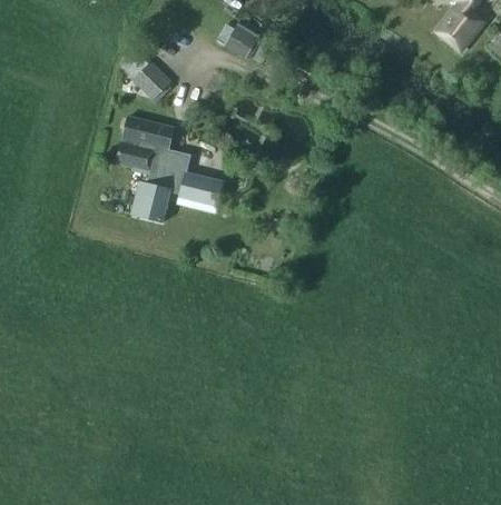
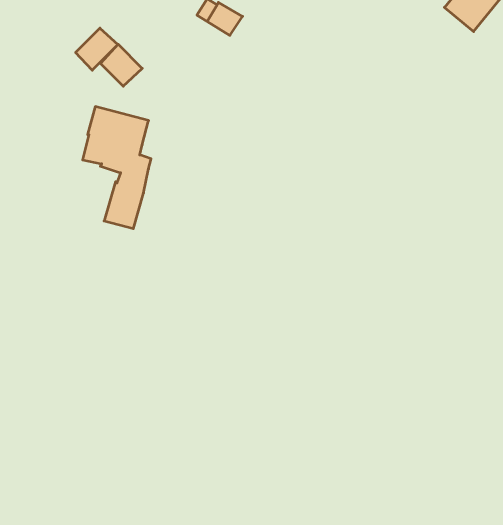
building: none -> [76,28,118,70]
building: [171,170,224,207] -> none

